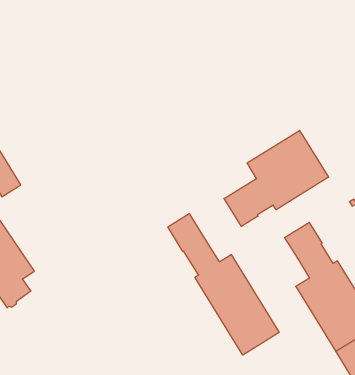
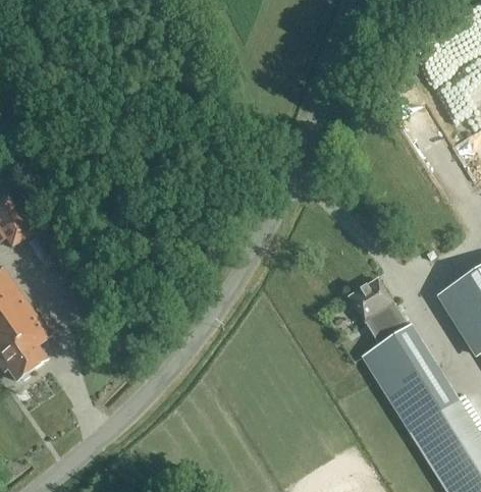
building: [224,130,329,226] -> none
building: [168,214,279,355] -> none

